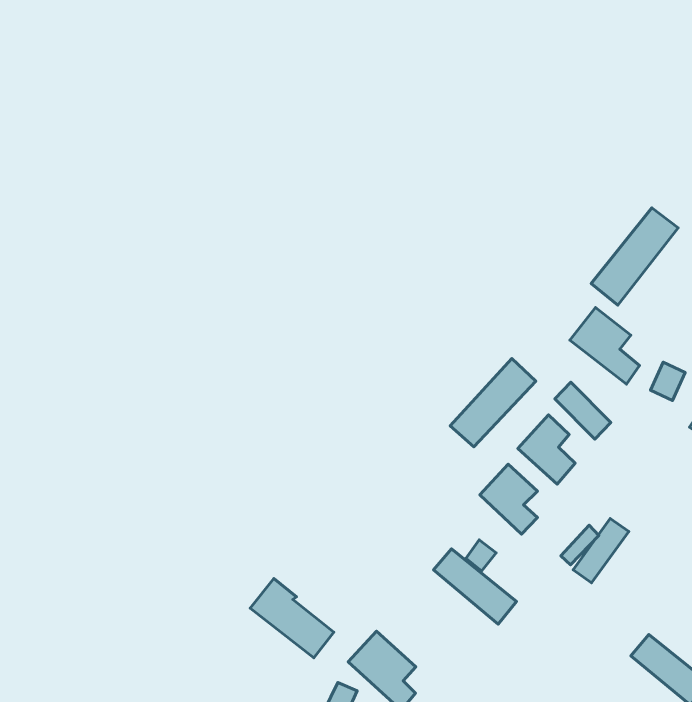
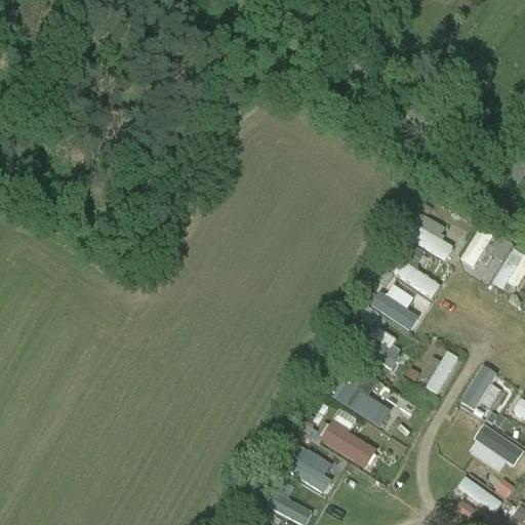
building: [591,208,678,305] -> none
building: [450,359,536,447] -> none
building: none -> [459,363,500,410]
building: [250,579,334,658] -> [321,419,378,469]

